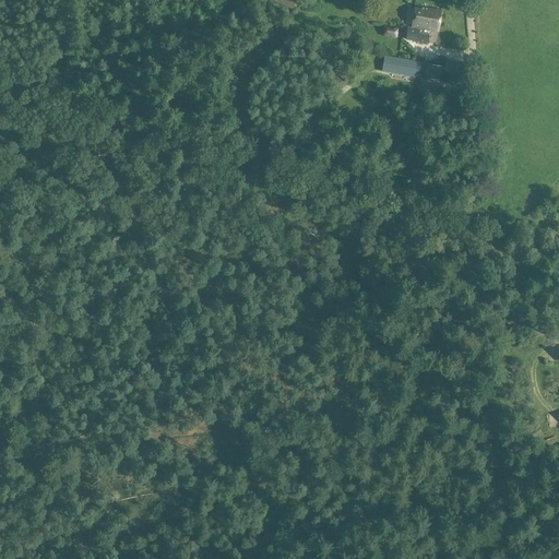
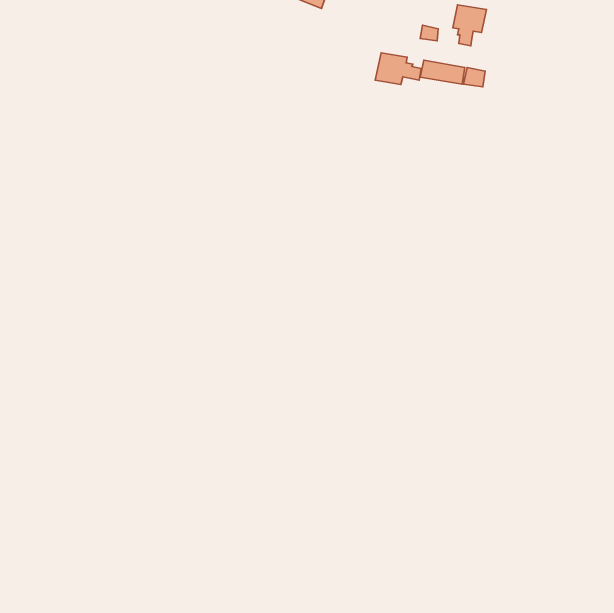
building: none -> [375,53,421,85]

